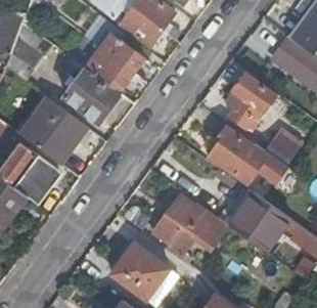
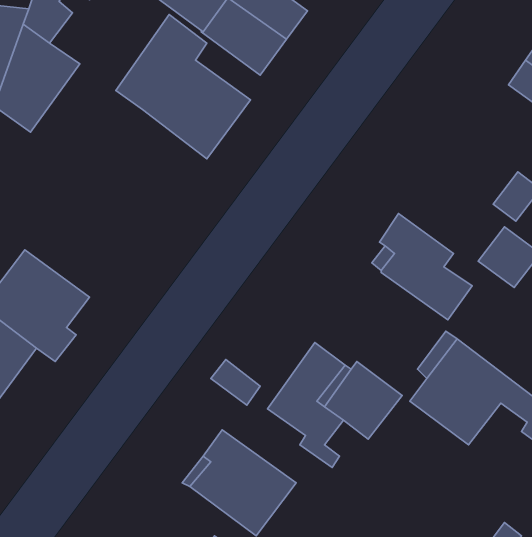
building: [66,68,123,121] -> none
building: [229,74,275,129] -> none
building: [19,95,86,163] -> none

